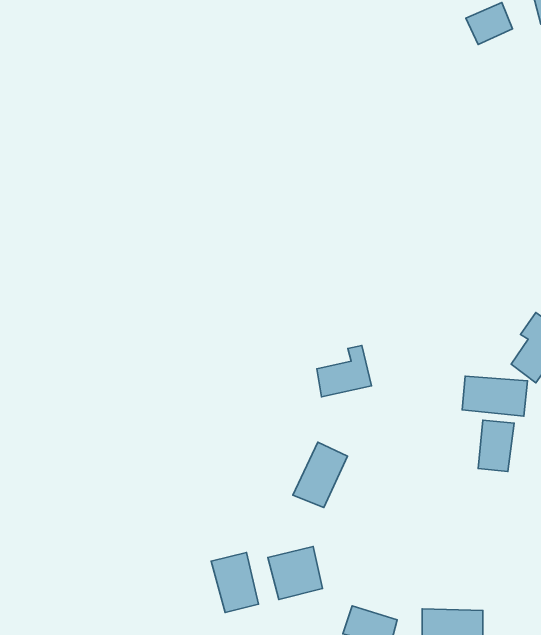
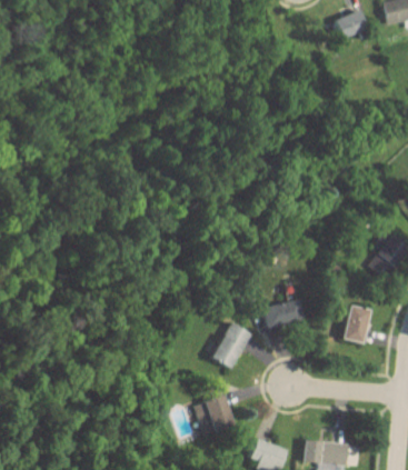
building: [317,345,371,397] -> [265,291,303,328]
building: [462,376,527,416] -> none
building: [211,553,259,612] -> none

